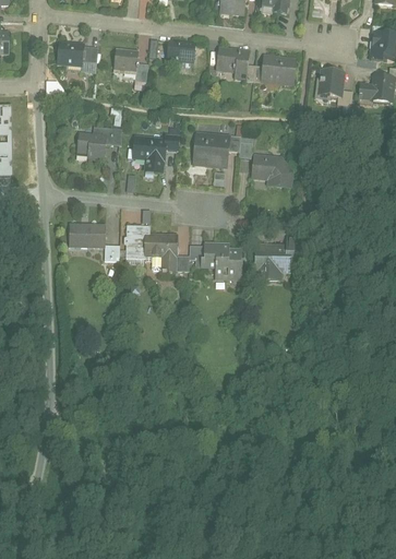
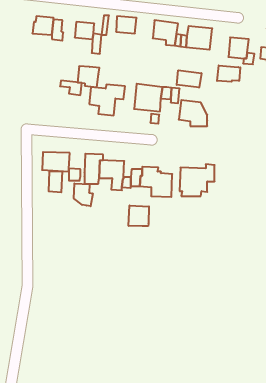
building: none -> [217,65,240,82]
building: none -> [177,70,201,88]
building: [76,132,106,160] -> [77,66,99,87]
building: none -> [49,171,62,192]
building: none -> [74,183,93,206]
building: none -> [129,205,149,226]

